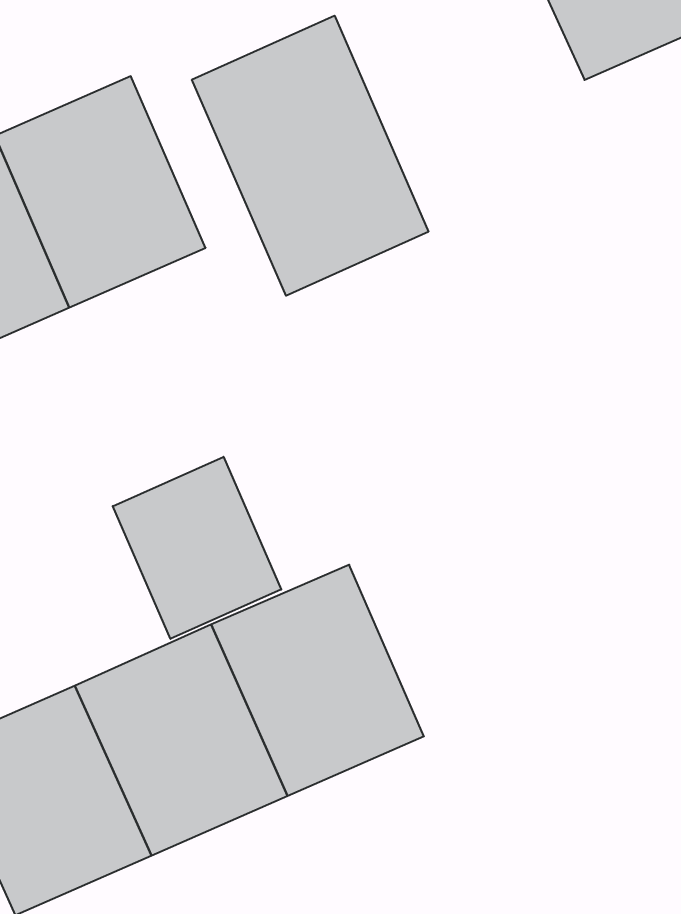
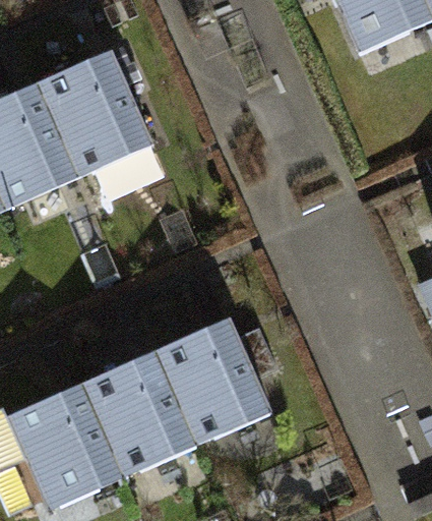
building: [192,16,428,296] -> none
building: [113,457,281,639] -> none

